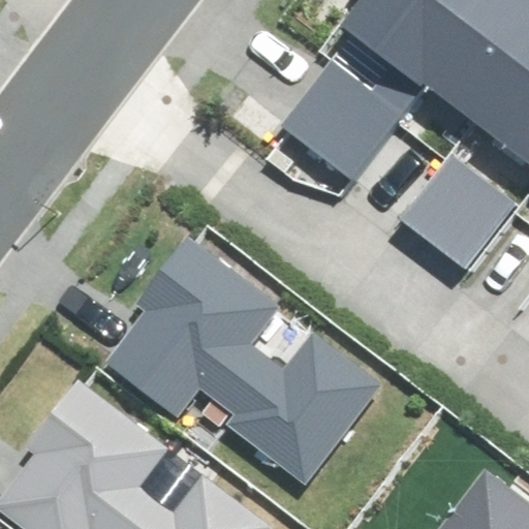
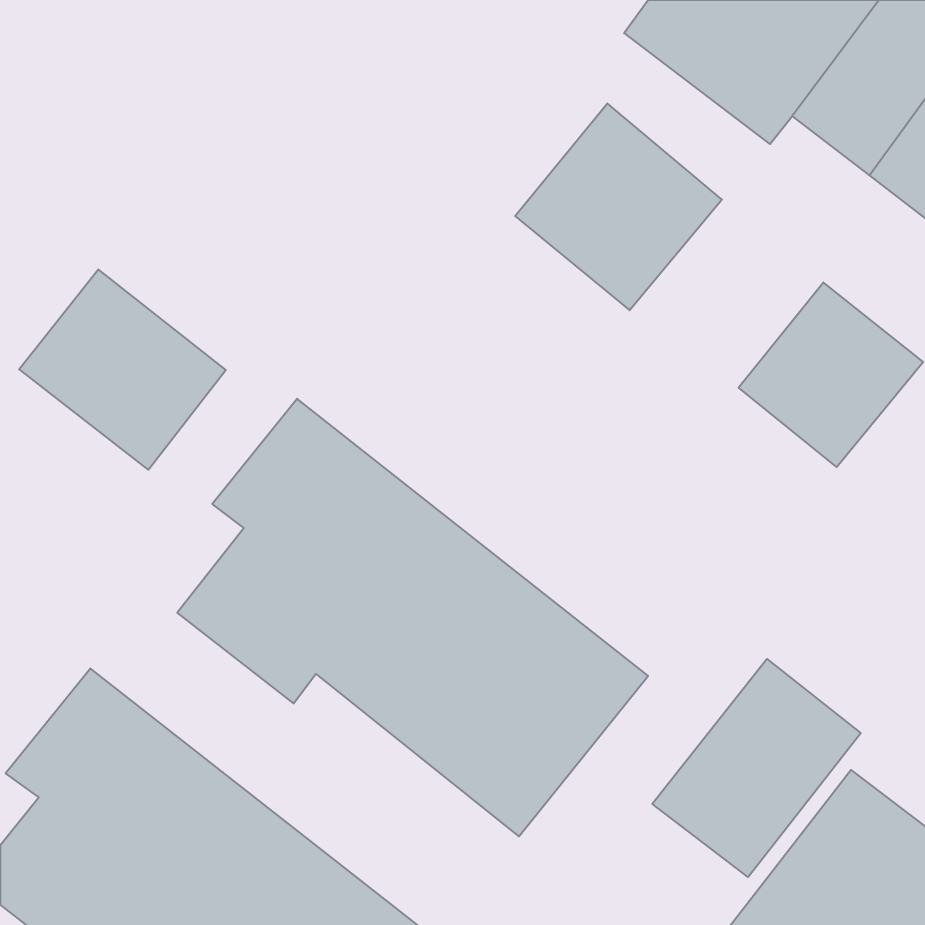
building: none -> [19,269,226,470]
building: none -> [652,659,861,877]

